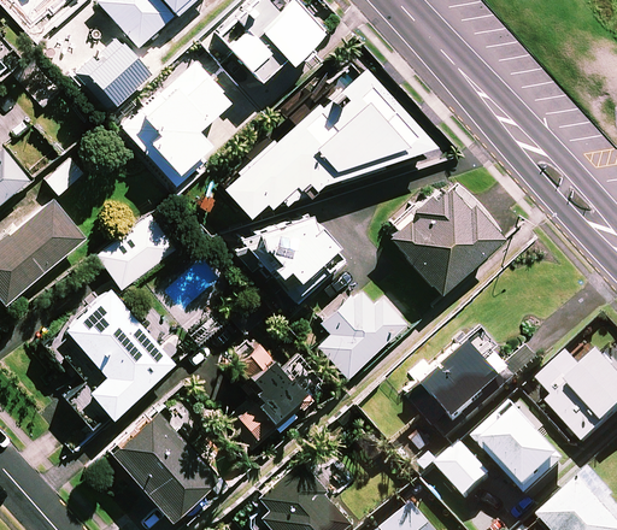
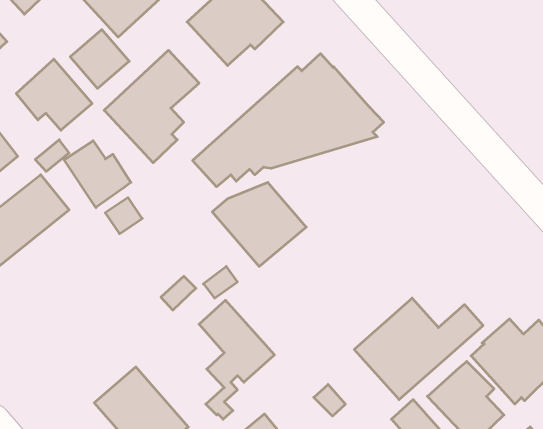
building: none -> [16,59,92,130]
building: none -> [64,141,131,208]
building: [388,182,503,290] -> none
building: [318,288,406,377] -> none
building: [47,290,175,430] -> none

